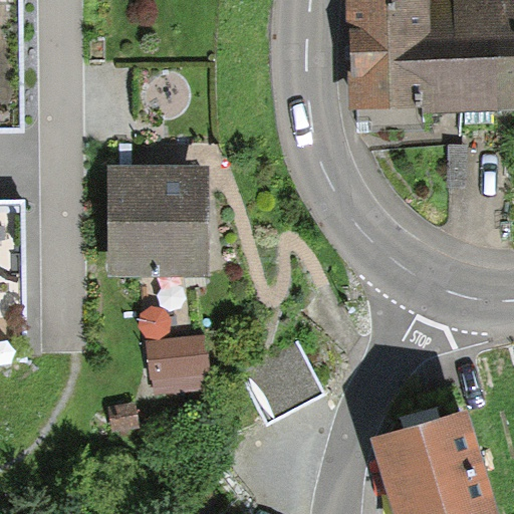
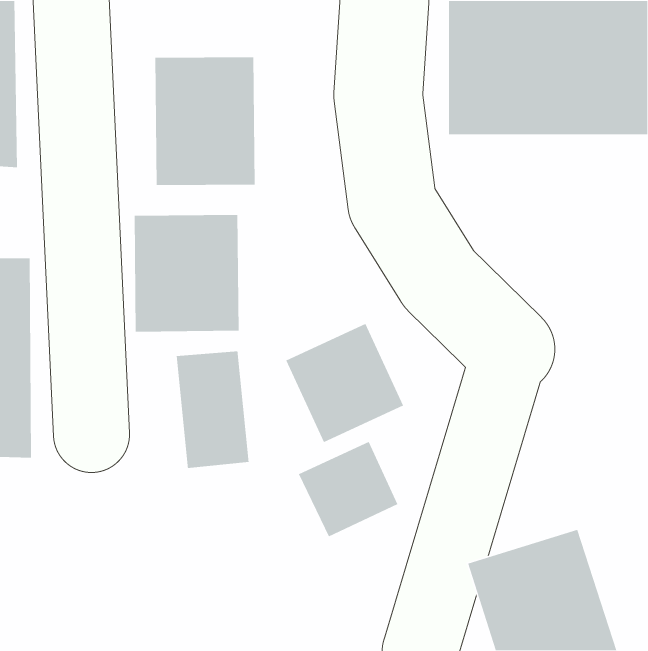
building: none -> [154,56,255,186]
building: none -> [285,323,404,443]

